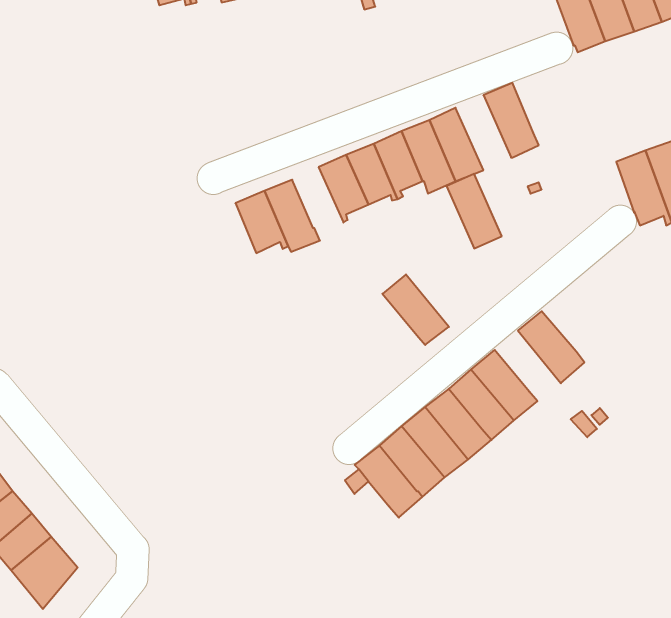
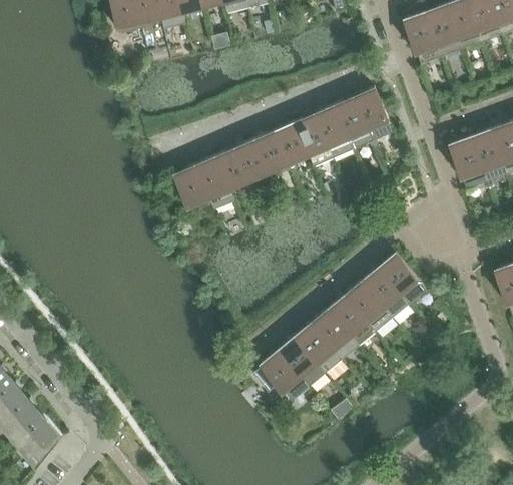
building: none -> [214,147,251,191]
building: [446,174,502,248] -> [333,95,373,149]
building: [382,274,449,345] -> [361,266,409,317]

